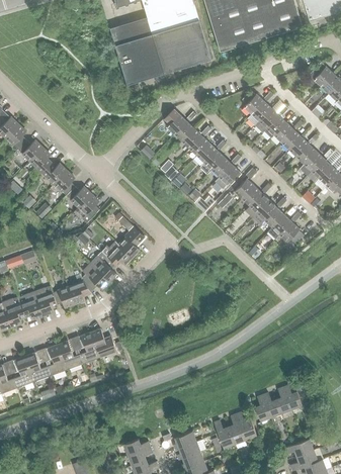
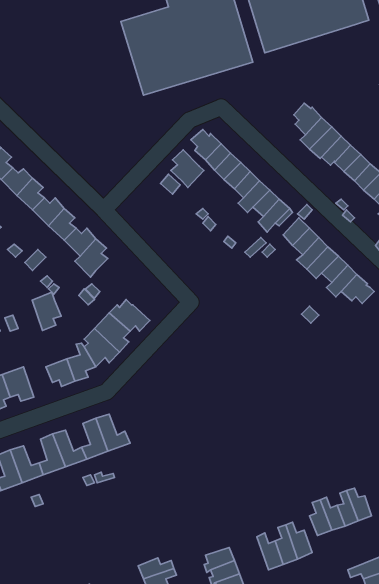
building: none -> [171,150,204,188]
building: [118,215,140,256] -> none
building: [34,285,57,314] -> [32,292,61,331]

